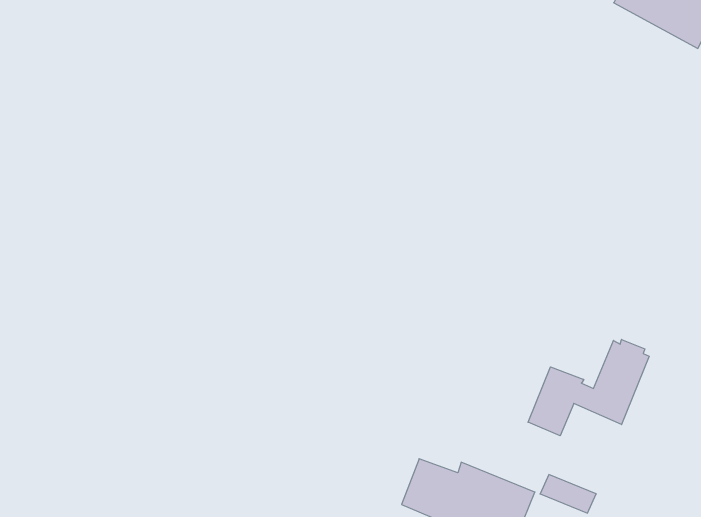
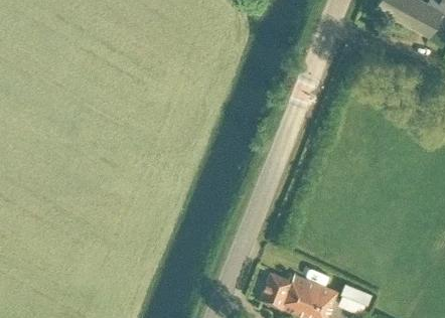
building: [528,339,649,436] -> none

